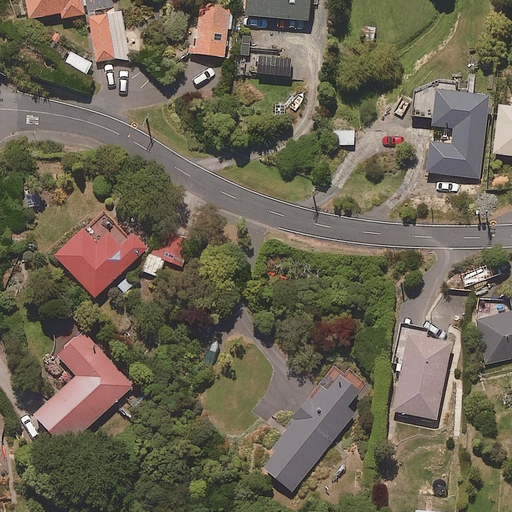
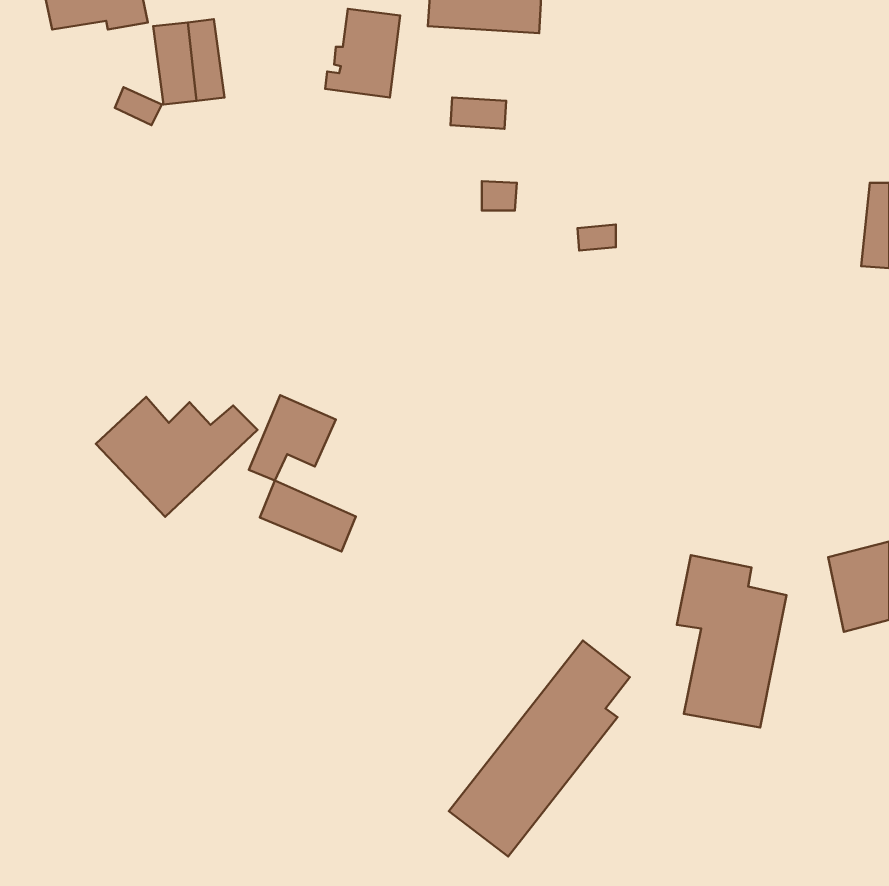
building: [426,82,490,177] -> none
building: none -> [260,480,356,552]
building: [34,330,134,449] -> none

